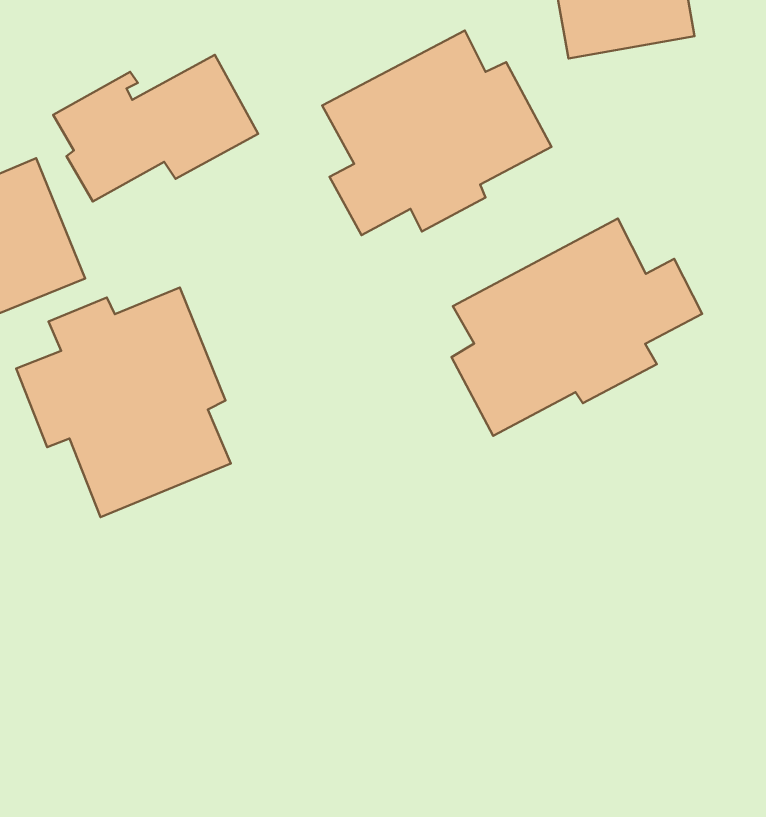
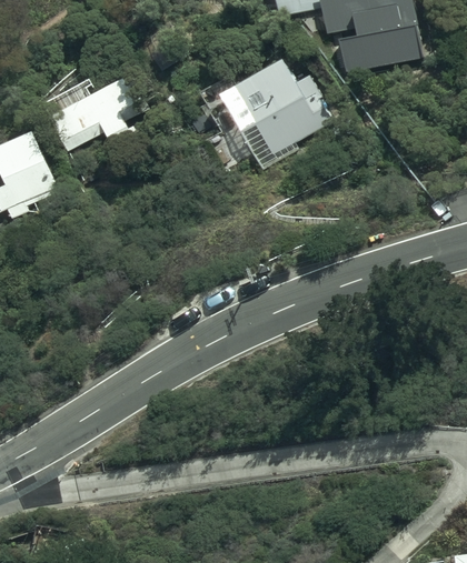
building: [452,219,702,436] -> none
building: [16,287,231,517] -> none

